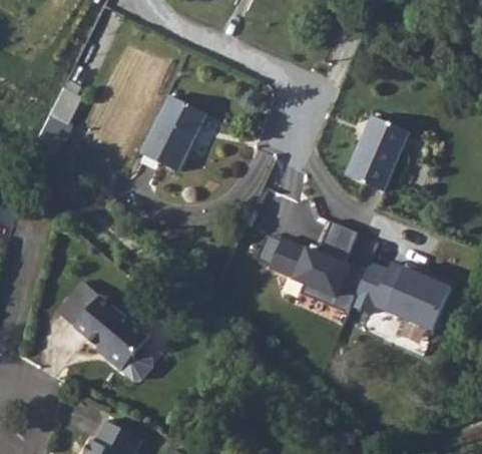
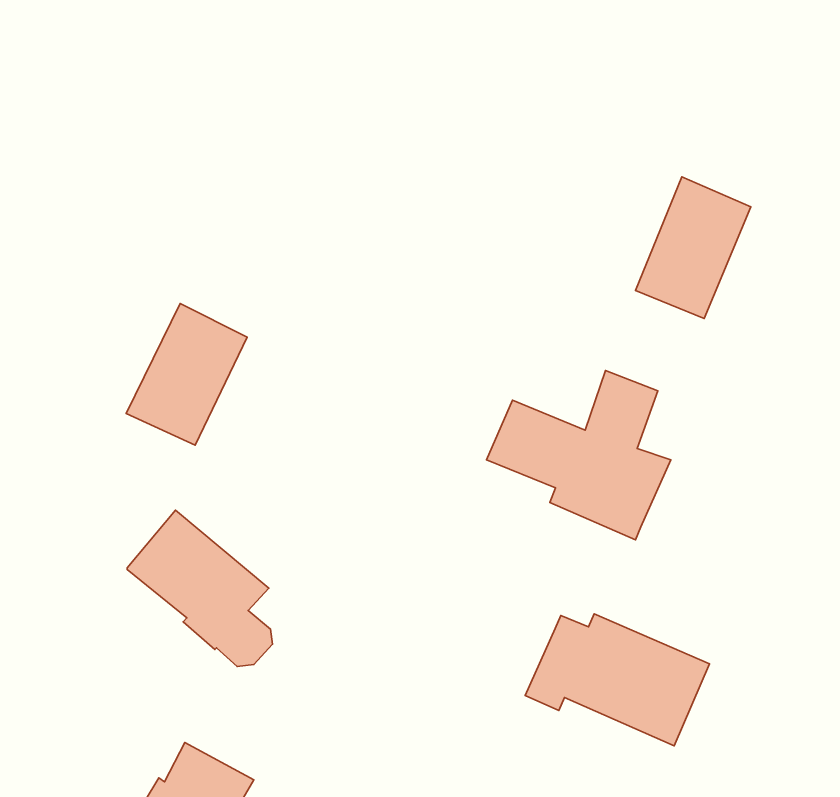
building: [140,95,205,171] -> [126,304,247,445]
building: [350,260,449,331] -> [525,614,710,746]
building: [56,281,99,326] -> none

